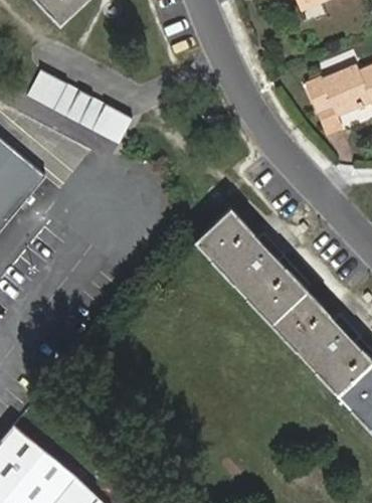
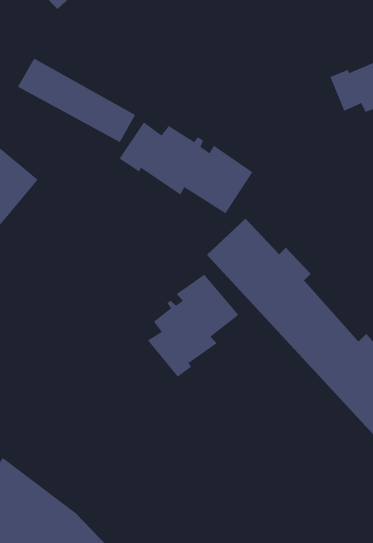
building: none -> [119,122,253,214]
building: none -> [147,274,239,377]

